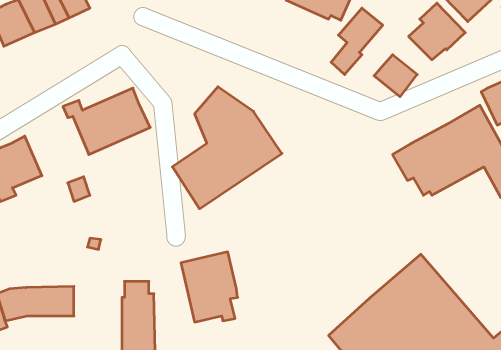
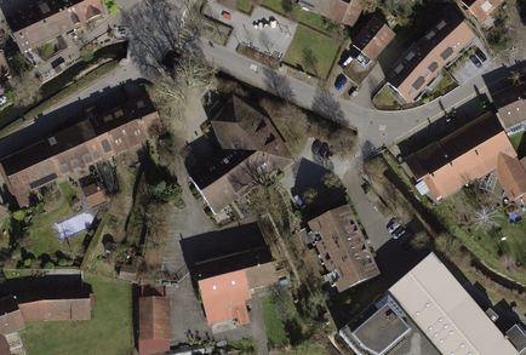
building: none -> [405,41,444,79]
building: none -> [42,120,105,178]
building: none -> [310,204,377,287]
building: none -> [242,246,280,290]

